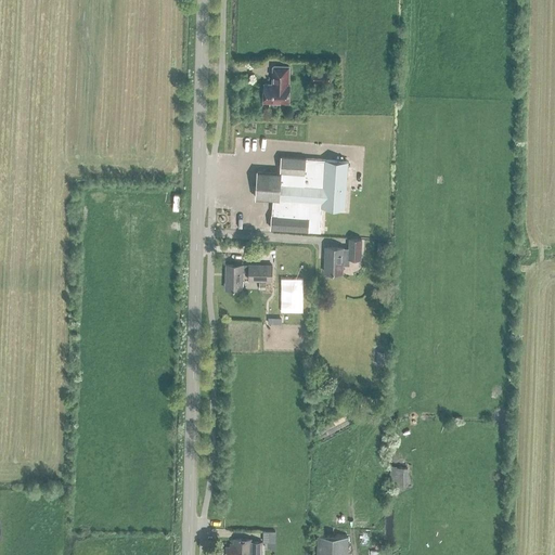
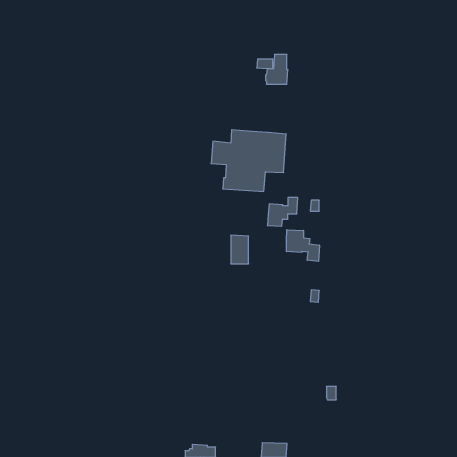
building: [262,67,289,103] -> [266,55,288,84]
building: [225,264,272,291] -> none
building: none -> [286,230,319,261]

